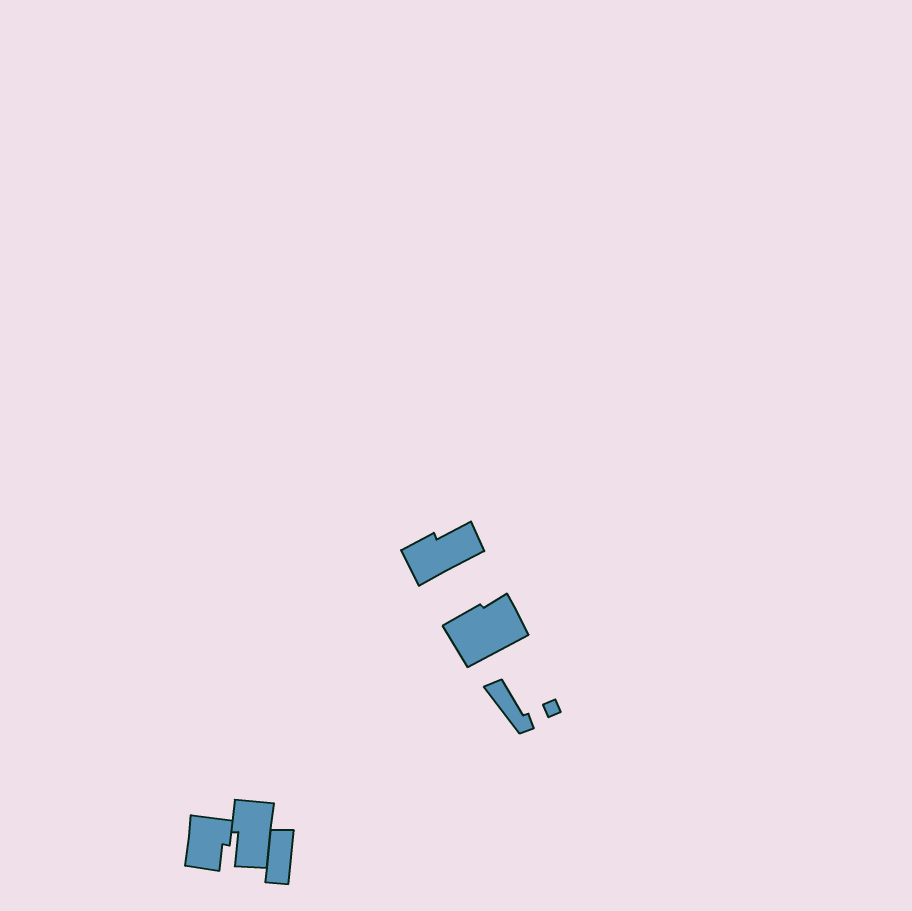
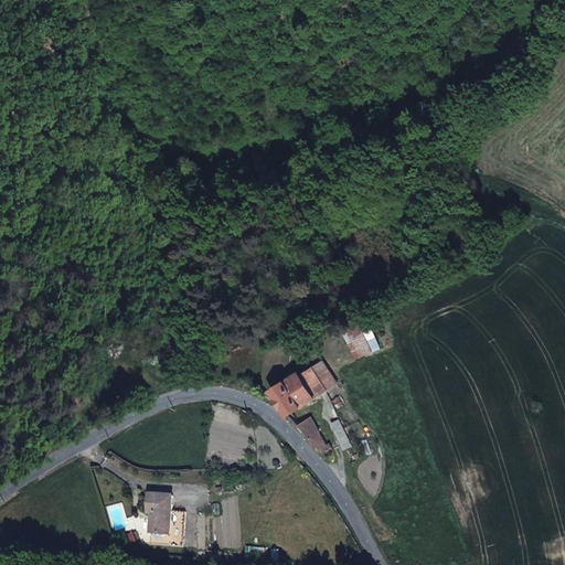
building: [401,521,484,586] -> none
building: [185,815,232,871] -> none

